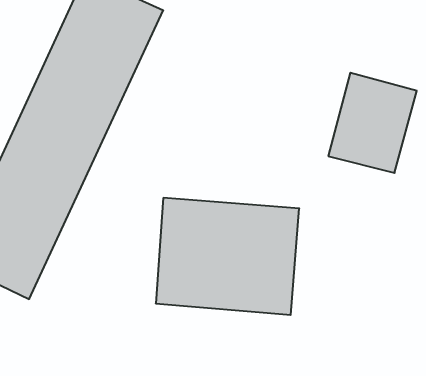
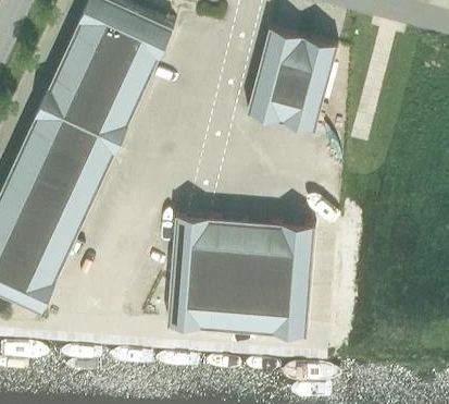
building: [328,73,417,173] -> [248,27,339,131]

